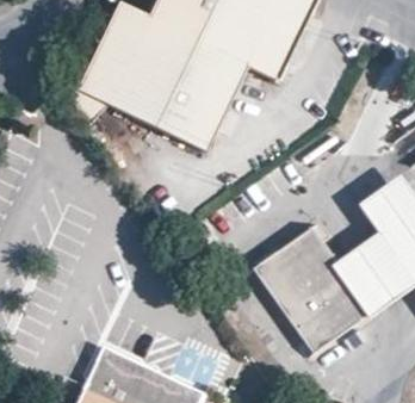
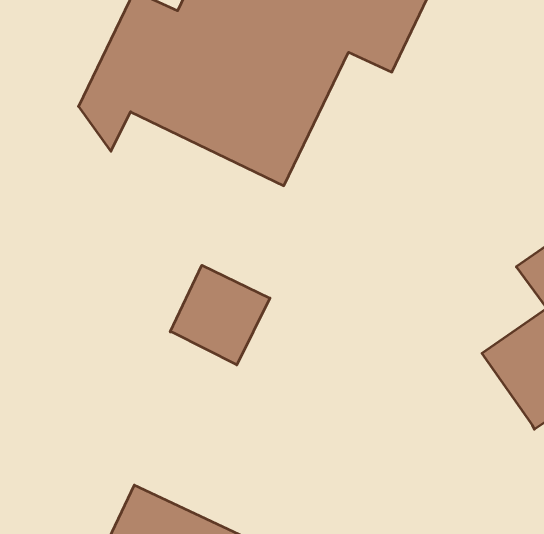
building: none -> [170,265,270,365]
building: [256,227,371,348] -> none

